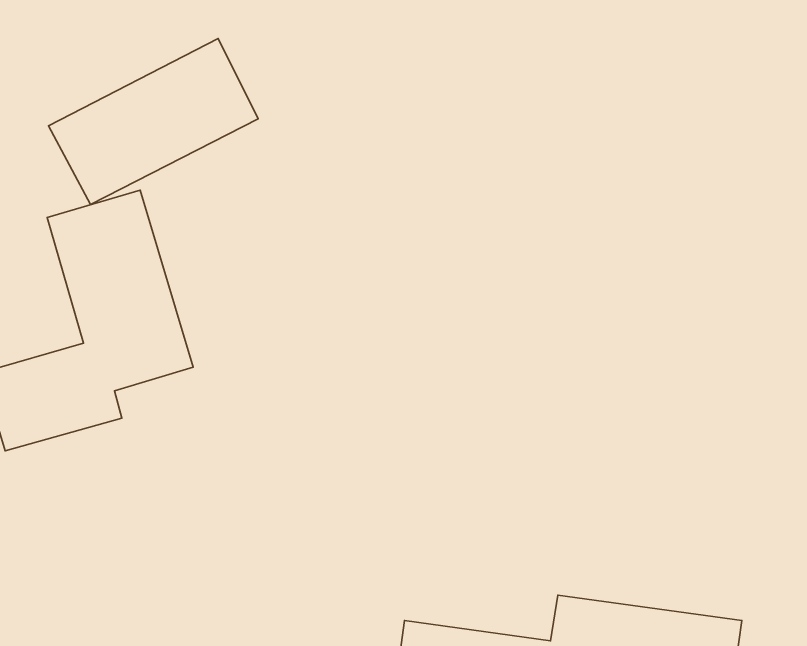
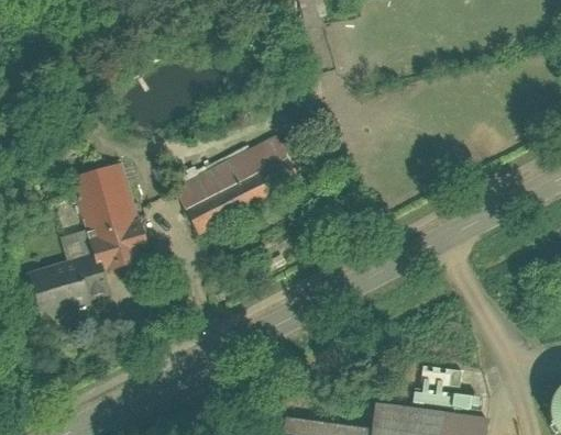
building: [48,38,258,204] -> [176,135,303,235]

